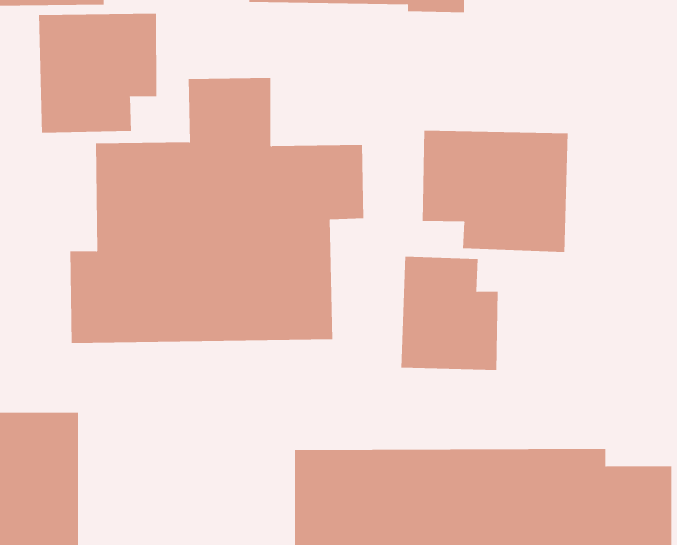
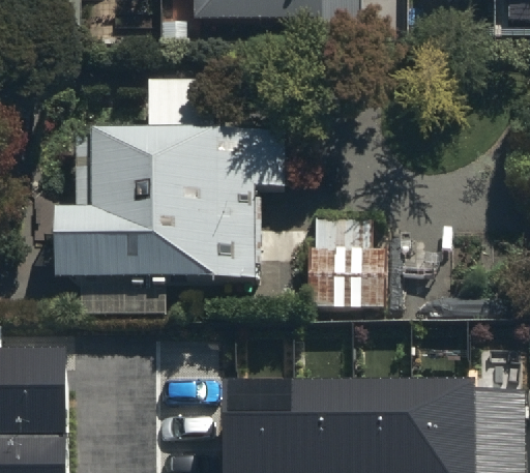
building: [38,13,157,133] -> none
building: [422,130,568,253] -> none

